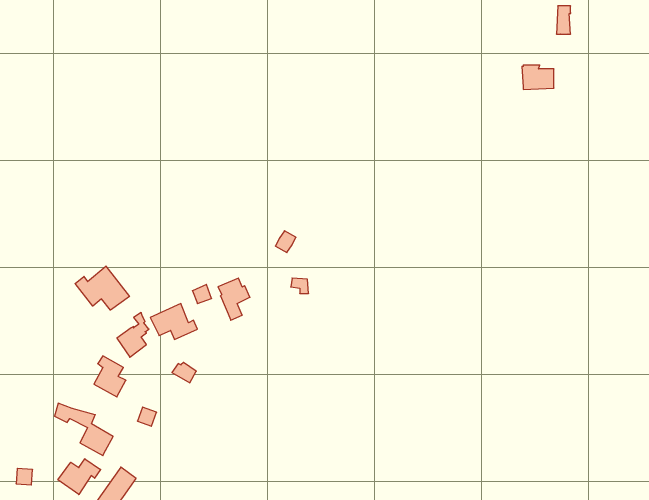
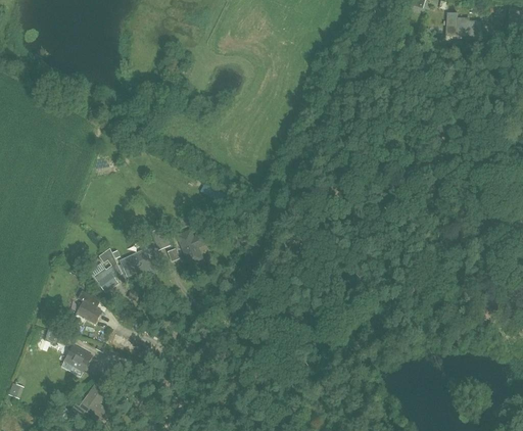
building: [522,65,554,89] -> [456,16,481,36]
building: [75,266,129,310] -> none
building: [58,459,101,495] -> none

